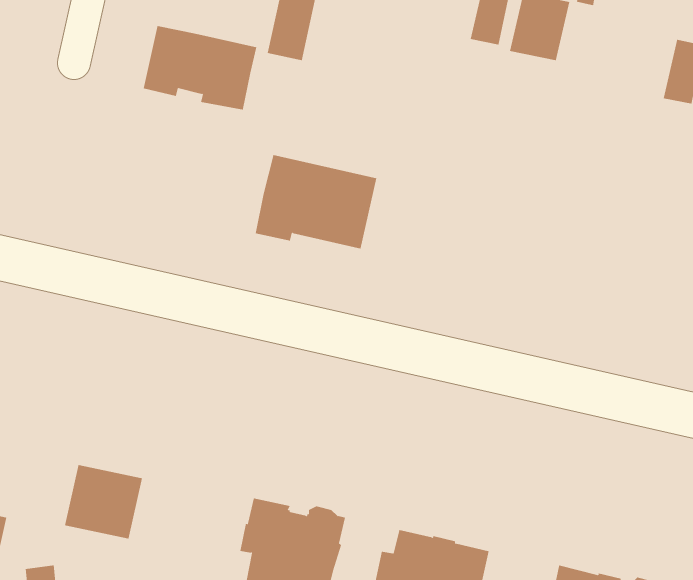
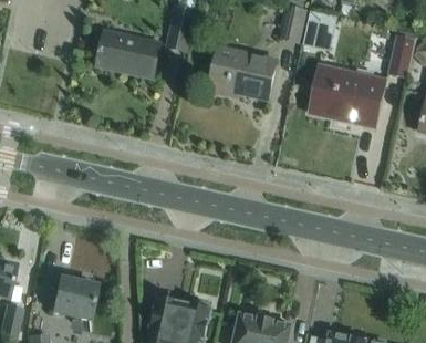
building: none -> [311,65,384,127]
building: [255,155,377,249] -> [208,46,277,100]

